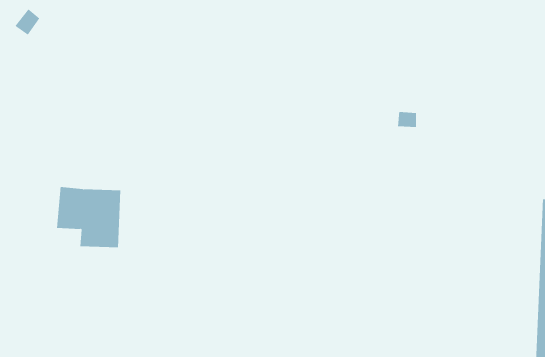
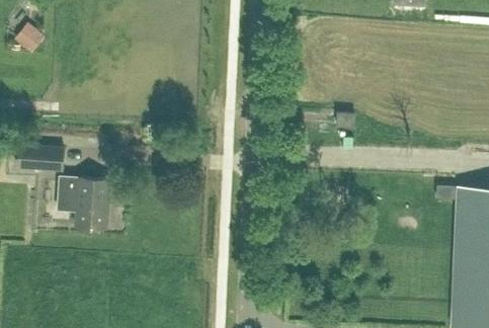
building: none -> [21,145,67,168]

